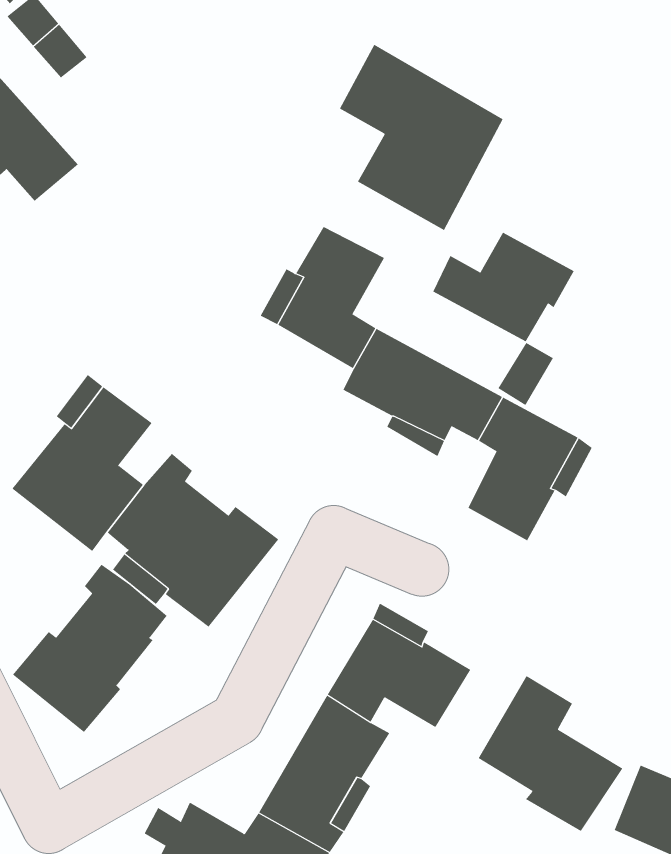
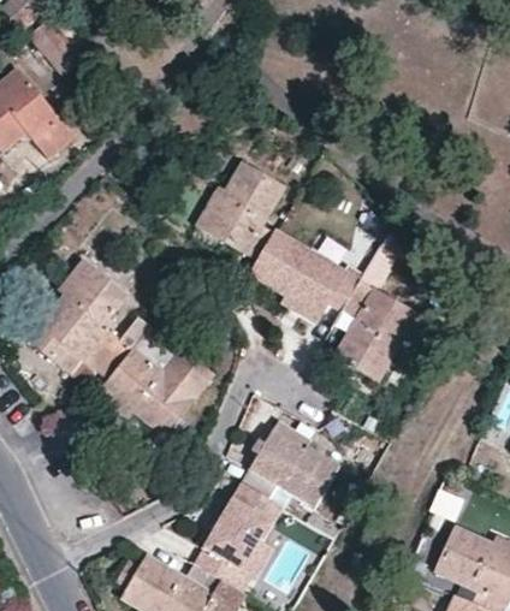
building: [339,44,504,231] -> none
building: [432,232,574,342] -> none
building: [12,564,168,733] -> none
building: [478,675,623,832] -> none

